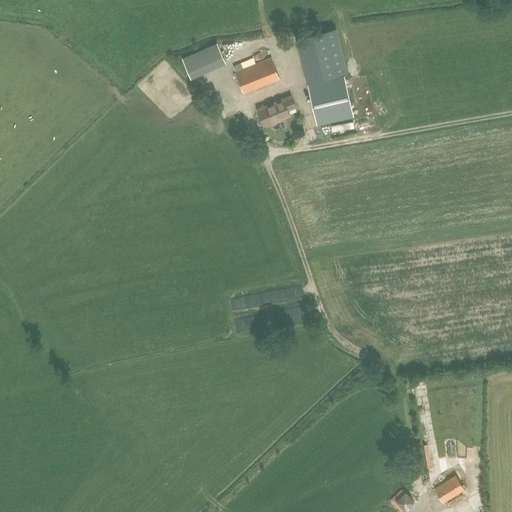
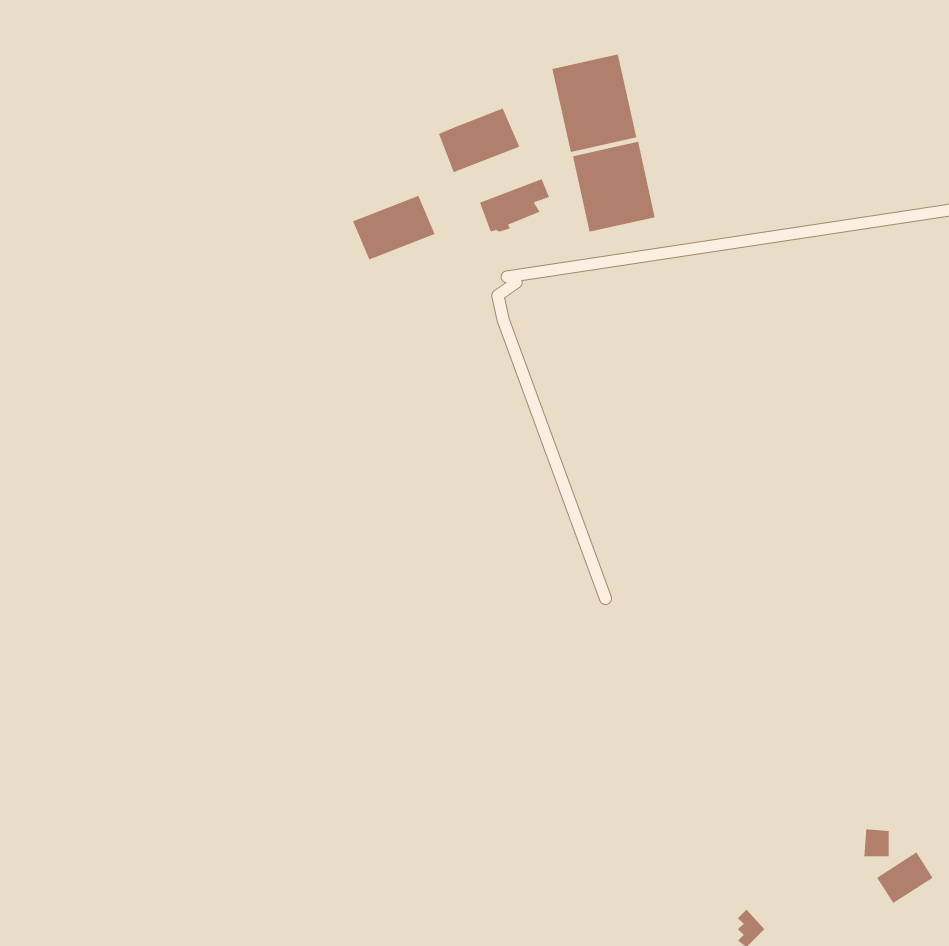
building: [178,44,223,79] -> [352,195,436,260]
building: [434,476,465,504] -> [876,852,934,904]

